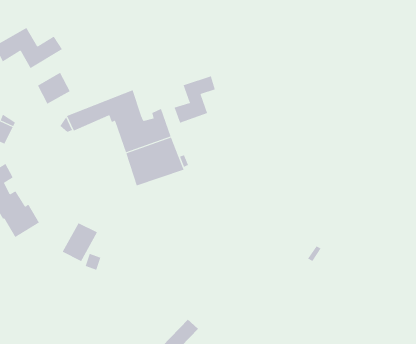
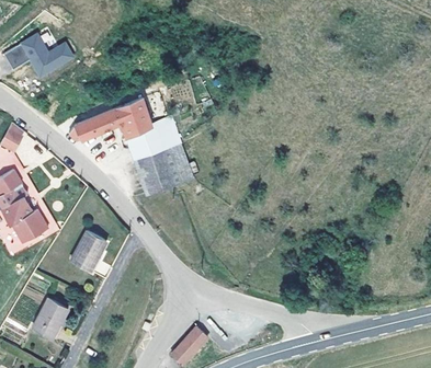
building: [37,72,70,105] -> none
building: [174,76,215,124] -> none
building: none -> [33,298,68,337]

